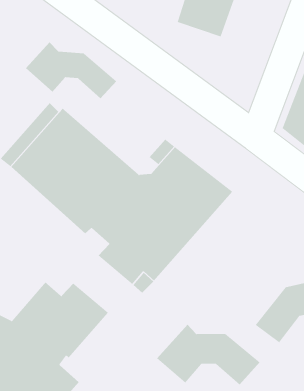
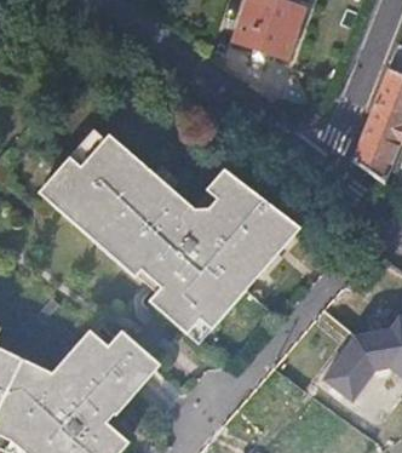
building: [25,42,117,99] -> none
building: [156,324,260,386] -> none

